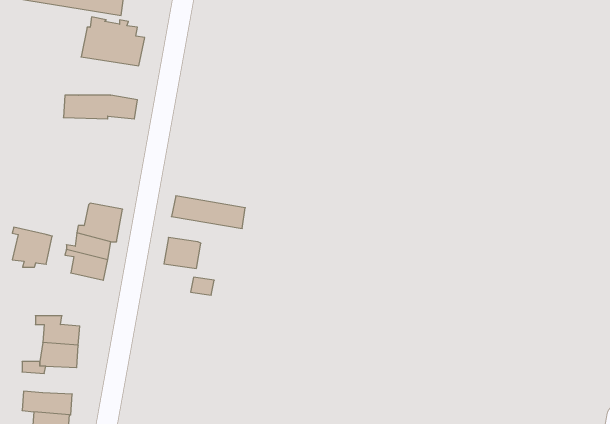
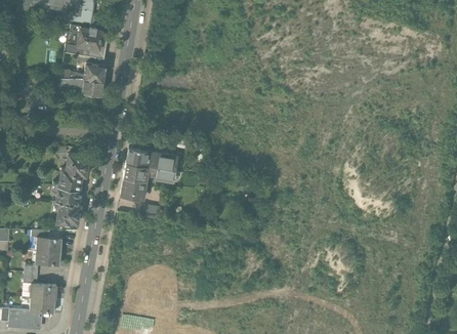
building: none -> [61,62,106,82]
building: none -> [124,163,175,181]
building: [12,227,52,267] -> [55,202,83,229]

